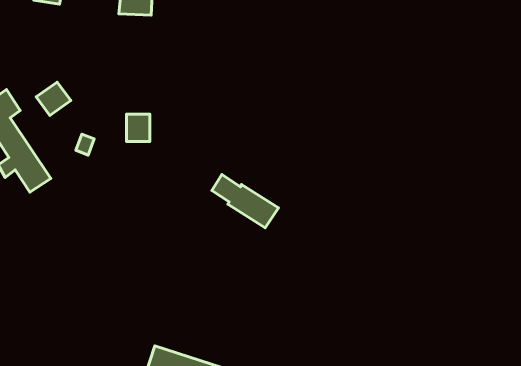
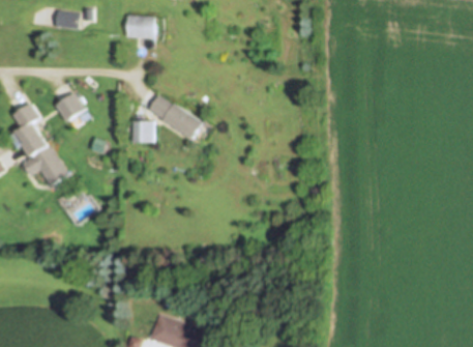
building: [212,175,279,228] -> [148,95,204,140]

